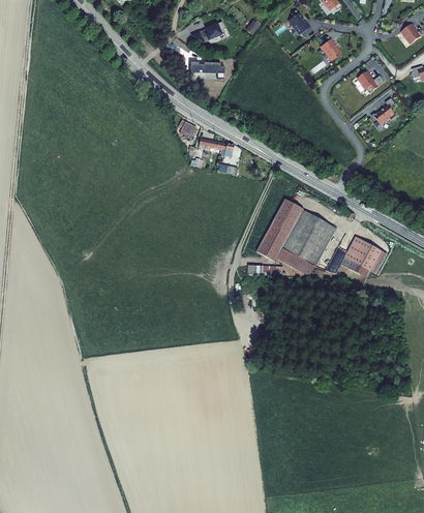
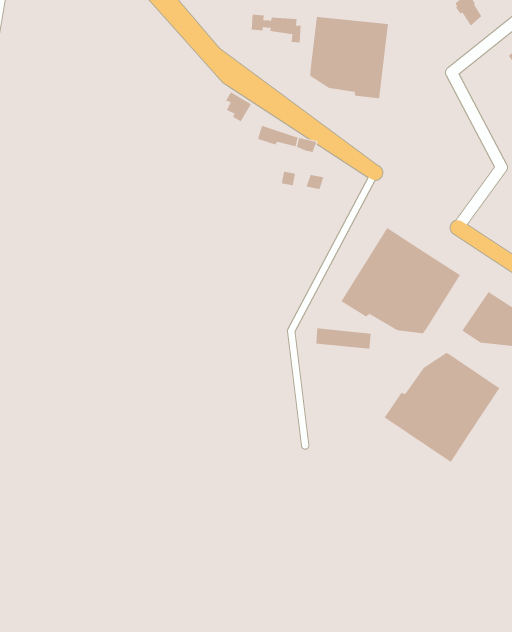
building: none -> [310,16,389,99]
building: none -> [384,352,500,463]

